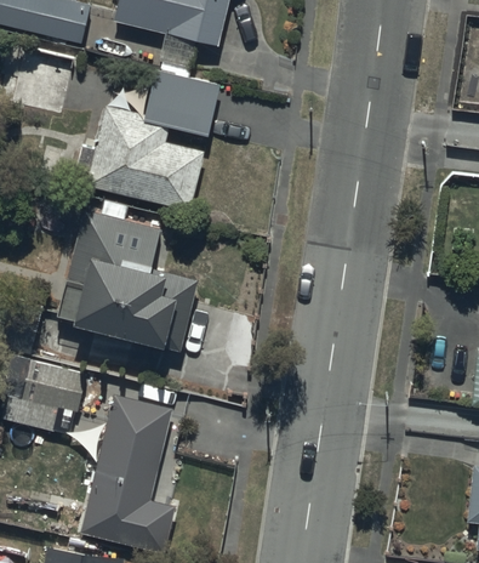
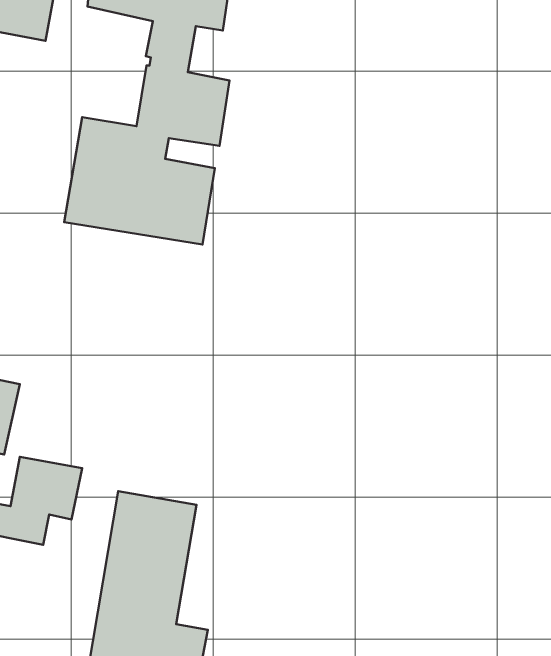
building: [55,210,200,354] -> none

